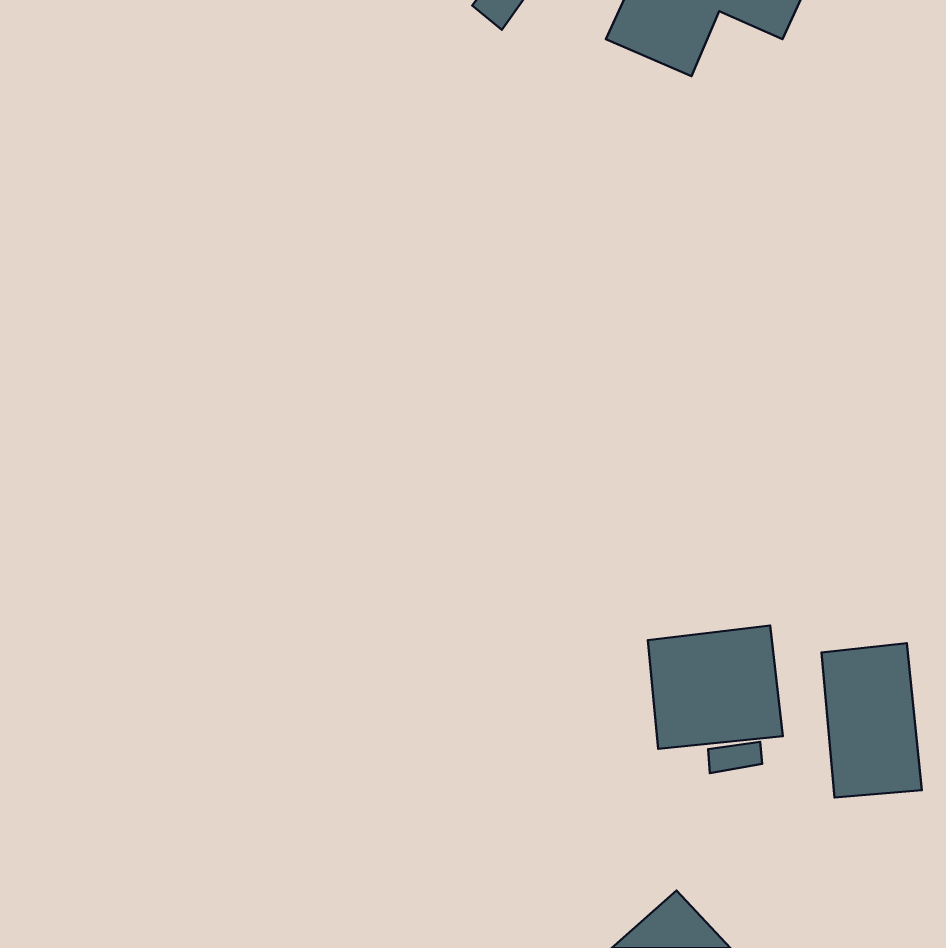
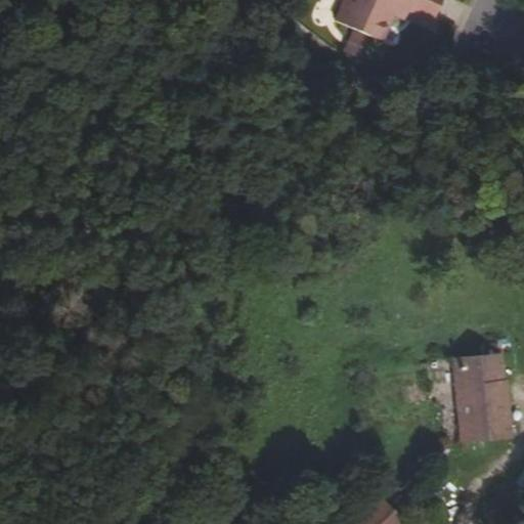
building: [648,626,783,749] -> none

